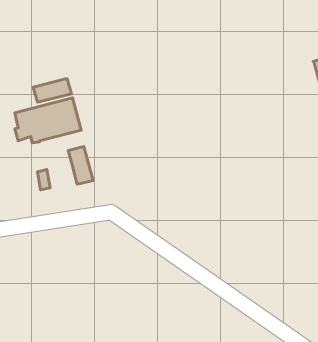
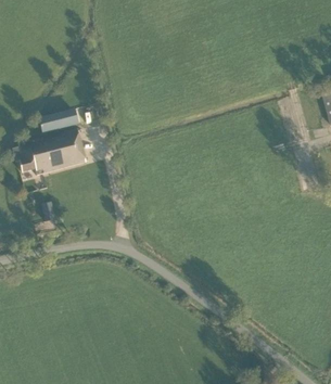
building: [68,147,93,184] -> none

